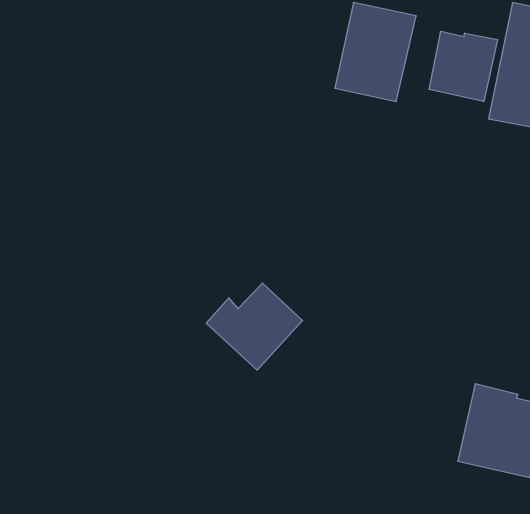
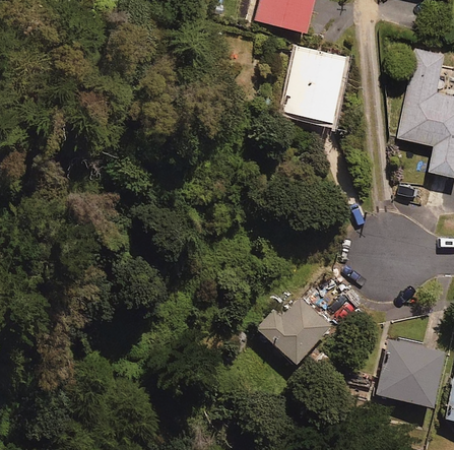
building: [429,31,497,102] -> none
building: [206,283,303,370] -> [257,299,330,365]

